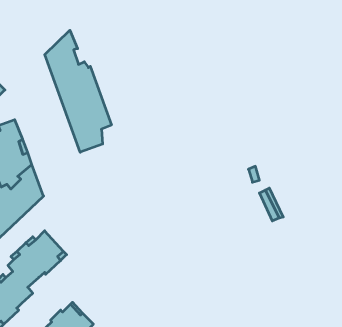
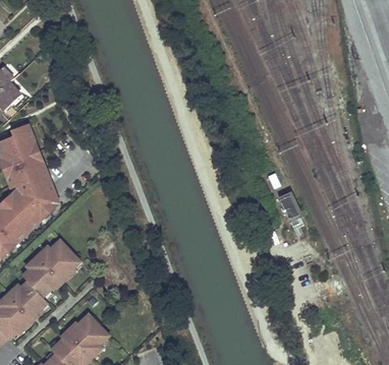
building: [45,30,111,152] -> none

